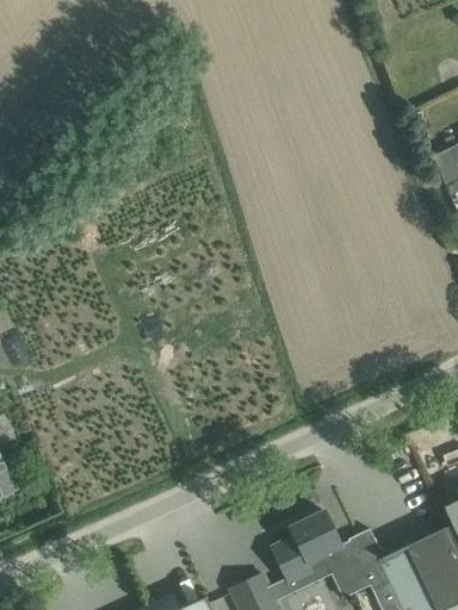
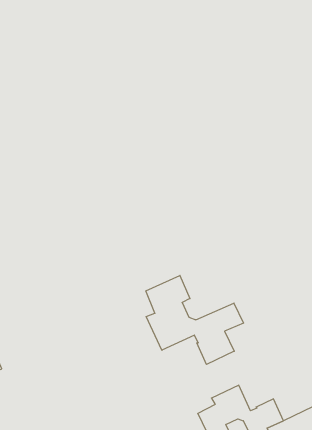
building: none -> [146,275,244,364]

